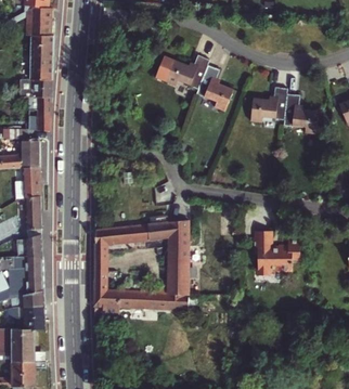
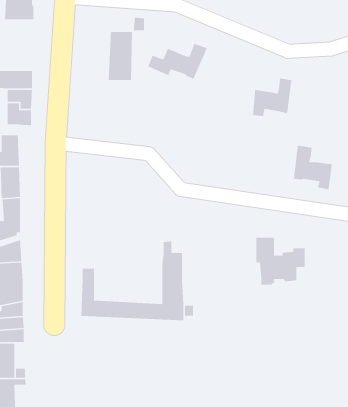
building: [30,35,53,80] -> [108,31,133,81]
building: [197,65,235,112] -> none
building: [284,93,320,134] -> [294,145,333,190]
building: [96,220,189,260] -> none

